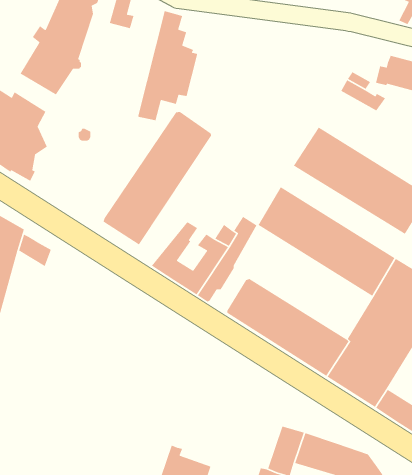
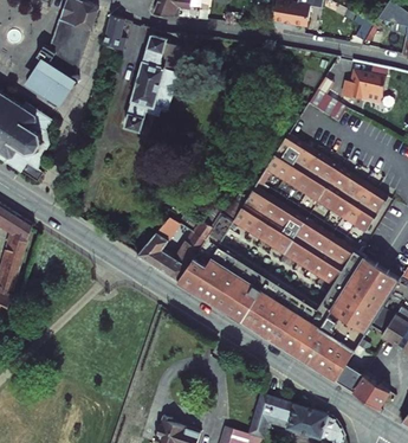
building: [102,111,212,245] -> none
building: none -> [189,258,226,297]

